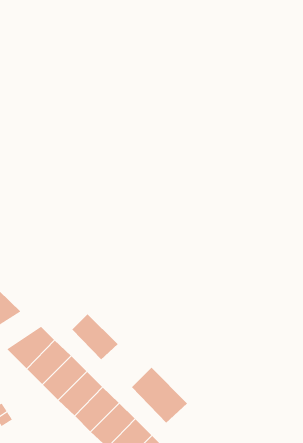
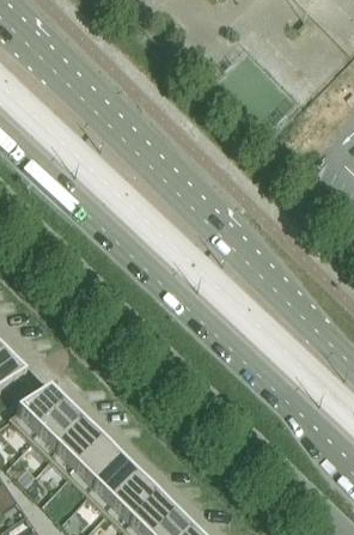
building: [71,313,118,360] -> none
building: [131,367,188,424] -> none

